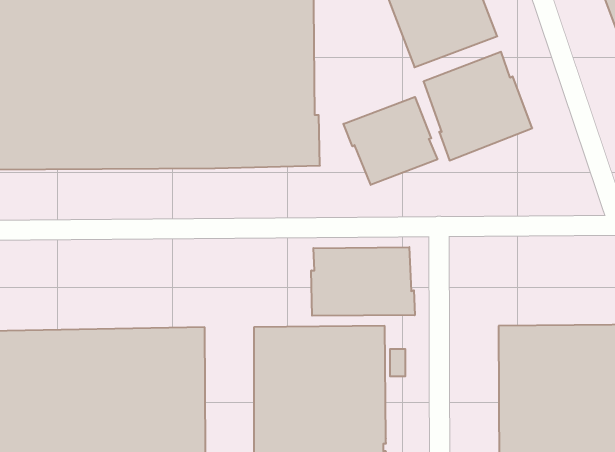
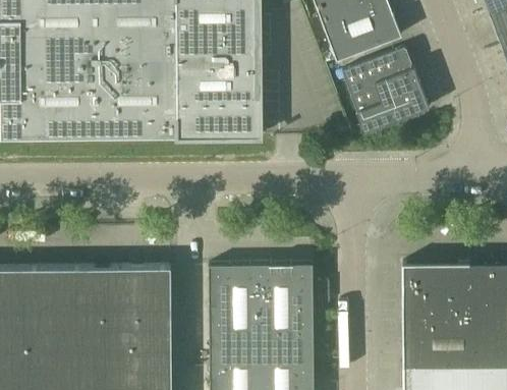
building: [343,97,437,185] -> none
building: [311,247,415,316] -> none

